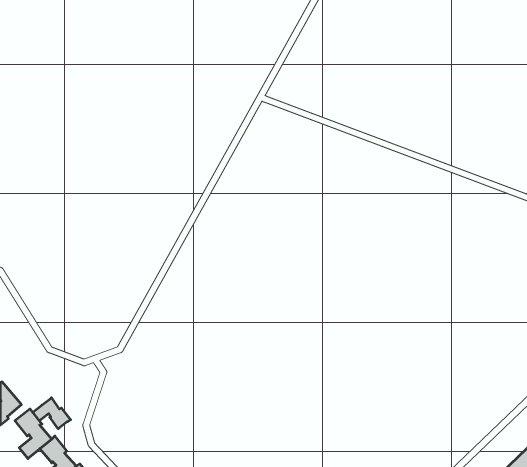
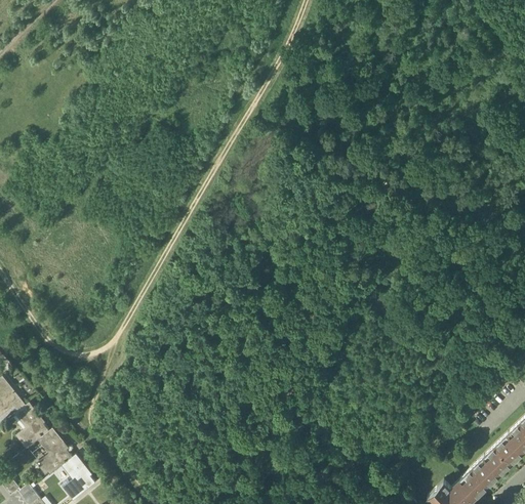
building: [33,398,71,429] -> none

